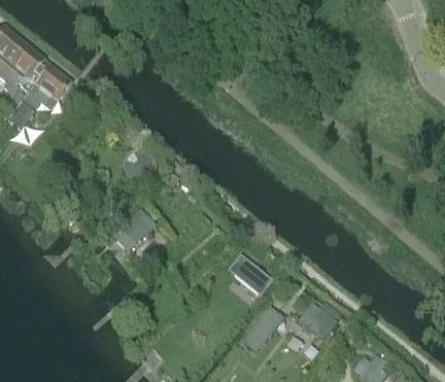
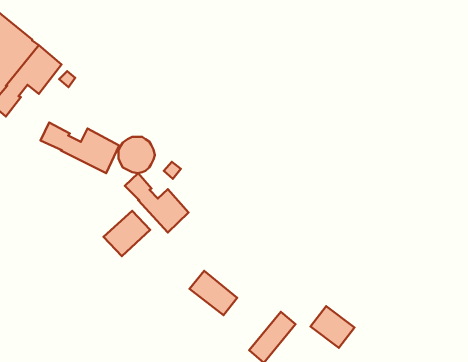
building: none -> [41,123,119,173]
building: none -> [125,173,188,232]
building: [229,254,272,294] -> [189,271,237,315]

